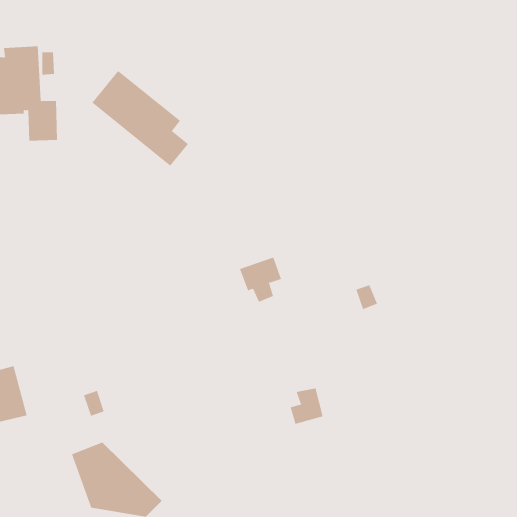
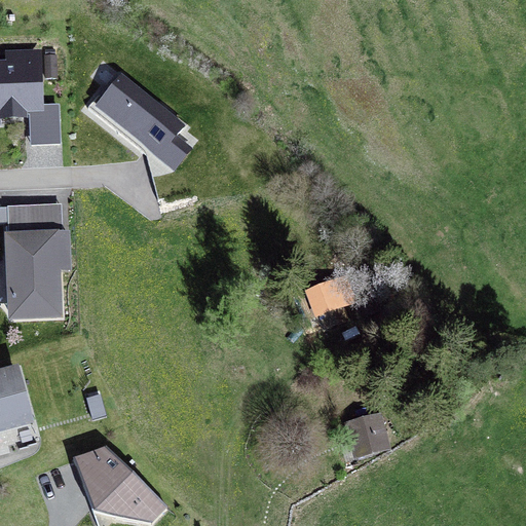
building: none -> [5,205,69,322]
building: [239,257,282,302] -> [308,277,351,324]
building: [290,388,323,424] -> [350,417,384,454]

